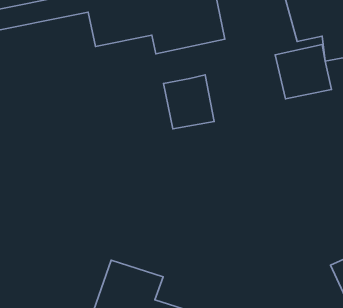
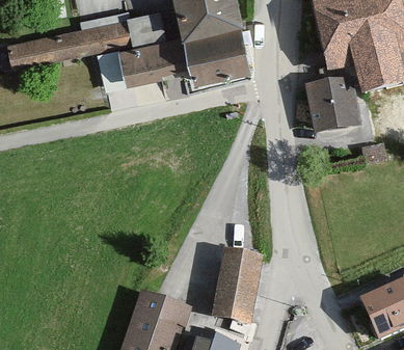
building: [163,75,214,129] -> none
building: none -> [211,249,264,327]

